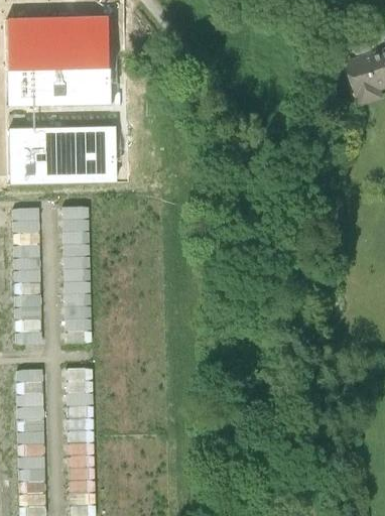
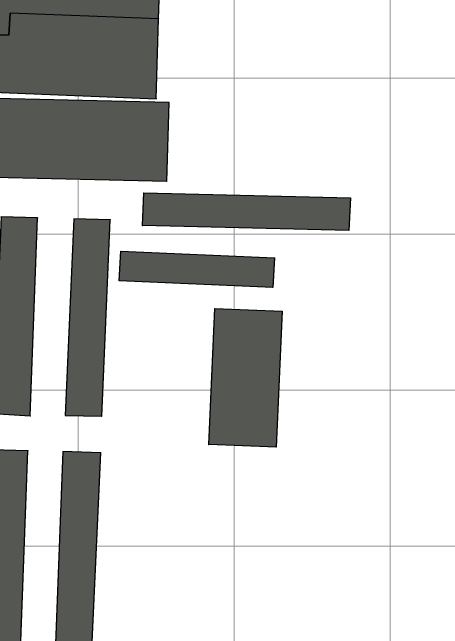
building: none -> [142,193,350,230]
building: none -> [119,251,275,287]
building: none -> [209,309,282,447]

